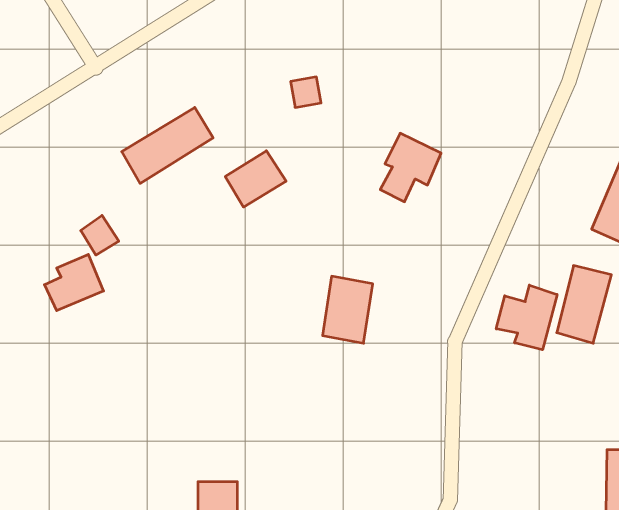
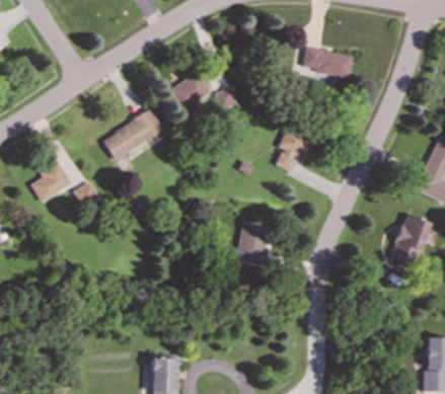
building: none -> [303,49,353,75]
building: [225,151,286,207] -> [170,71,211,108]
building: [44,254,104,311] -> [31,162,71,200]
building: [496,285,557,350] -> none

